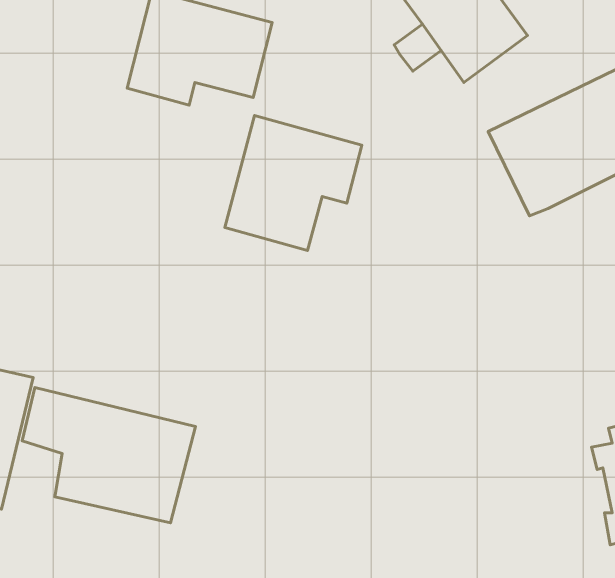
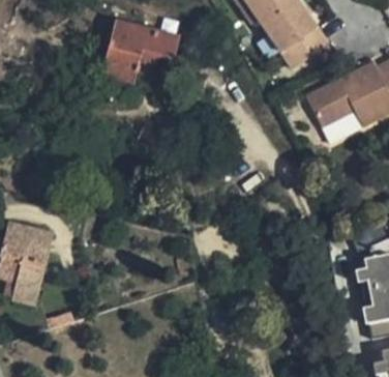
building: [225,115,362,250] -> none
building: [22,388,196,523] -> none

